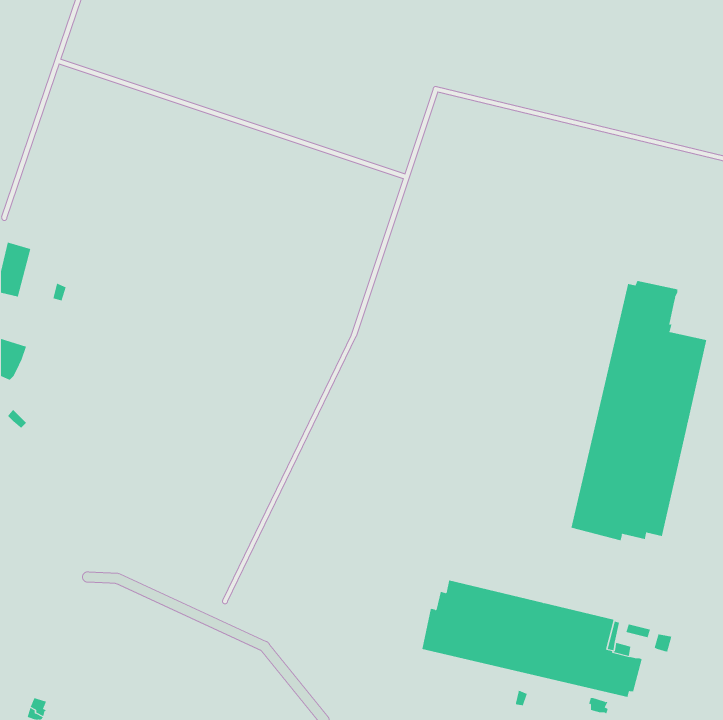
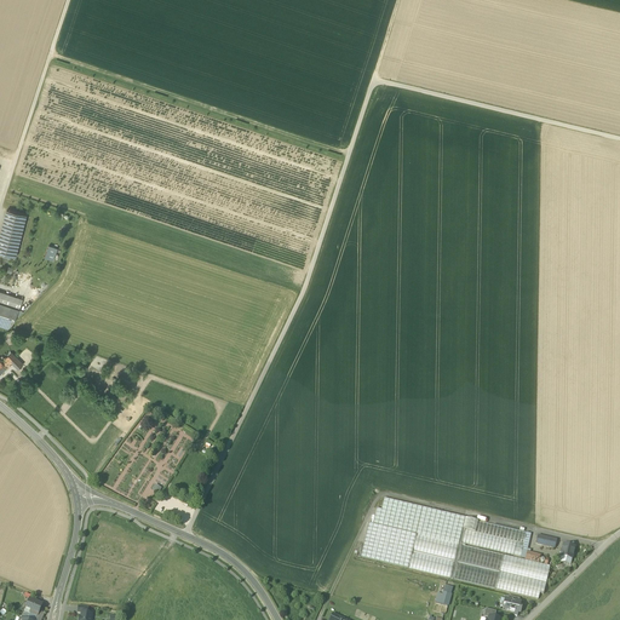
building: [571,280,707,541] -> none

